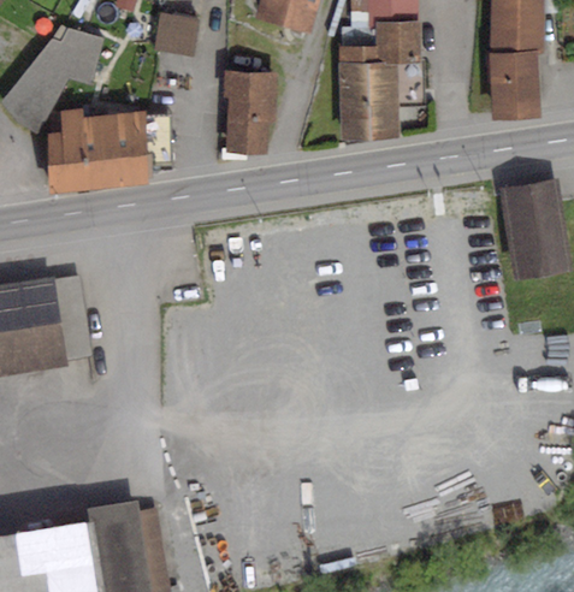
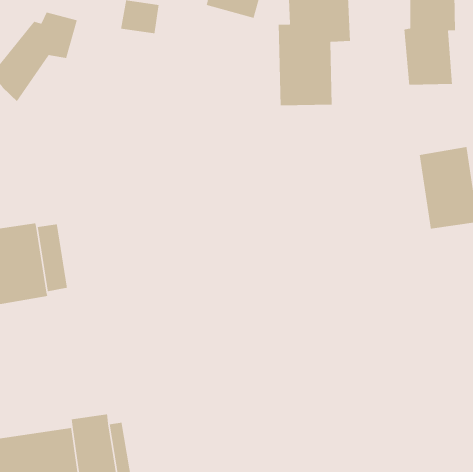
building: [223,67,277,153] -> none
building: [46,113,149,195] -> none

